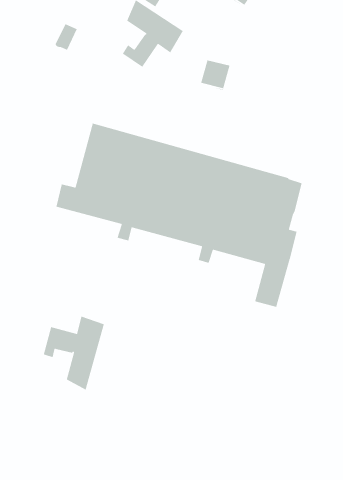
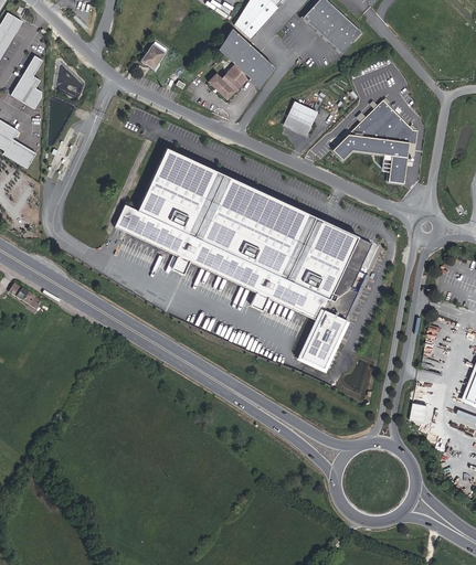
building: none -> [335,99,420,183]
building: [43,315,105,391] -> none

